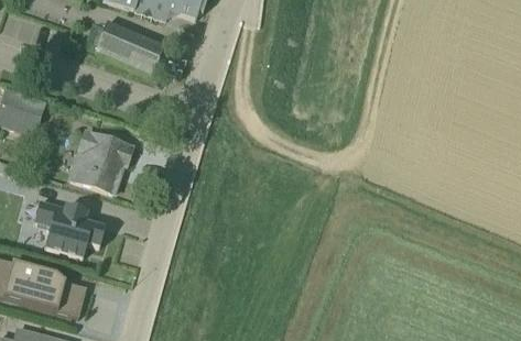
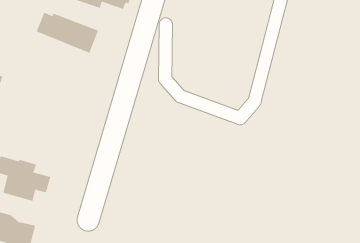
building: [68,128,131,191] -> none

